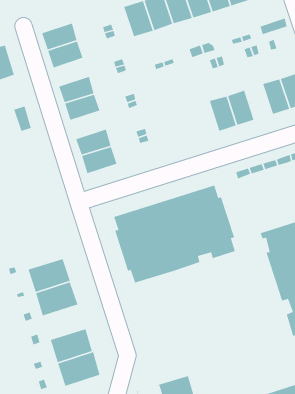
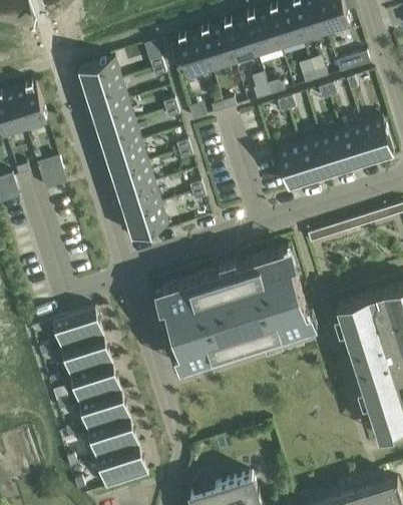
building: none -> [90,101,133,134]
building: none -> [318,131,350,174]
building: none -> [110,163,153,196]
building: none -> [51,310,102,351]
building: none -> [77,393,128,434]

